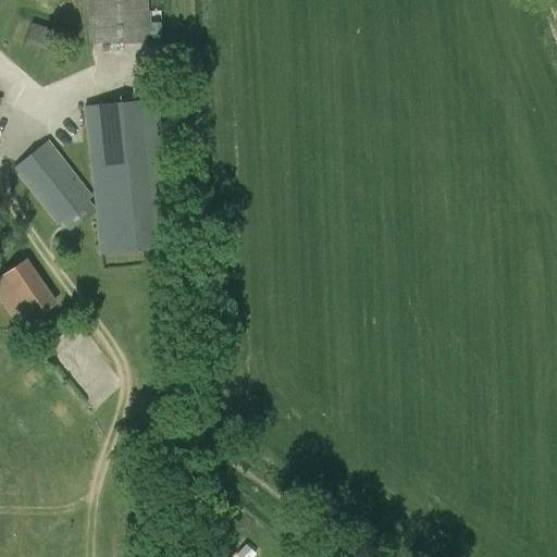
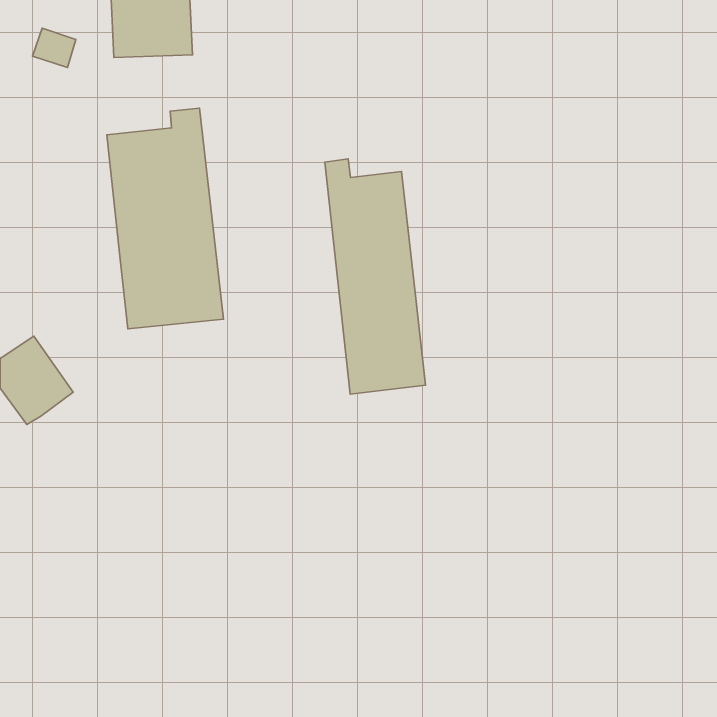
building: none -> [325,159,426,394]
building: [13,140,94,225] -> none

